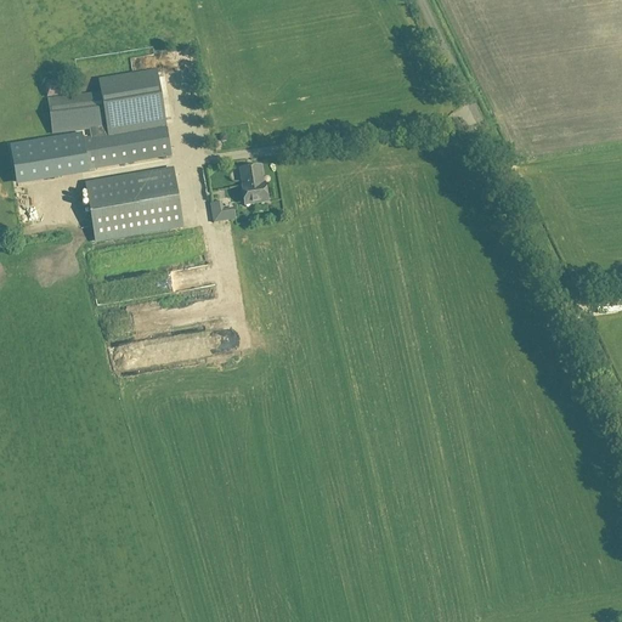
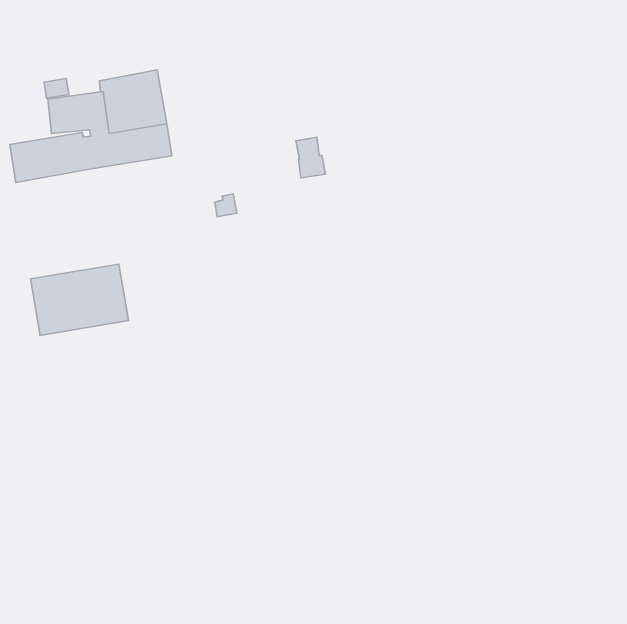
building: [239,164,268,204] -> [296,137,325,178]
building: [85,169,182,239] -> [30,264,129,335]

